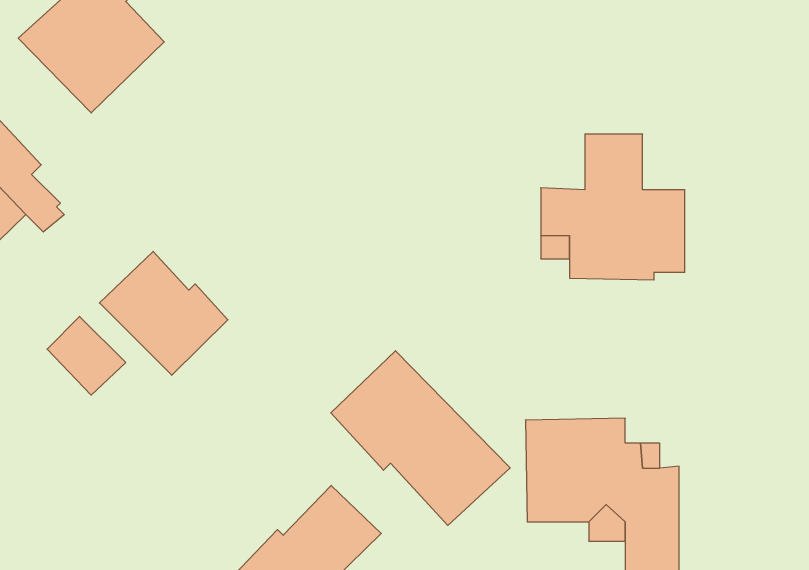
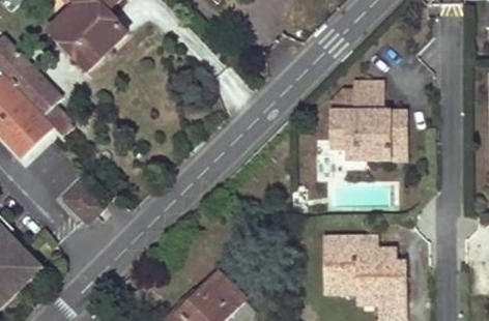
building: [99,251,228,375] -> none
building: [331,351,510,525] -> none

